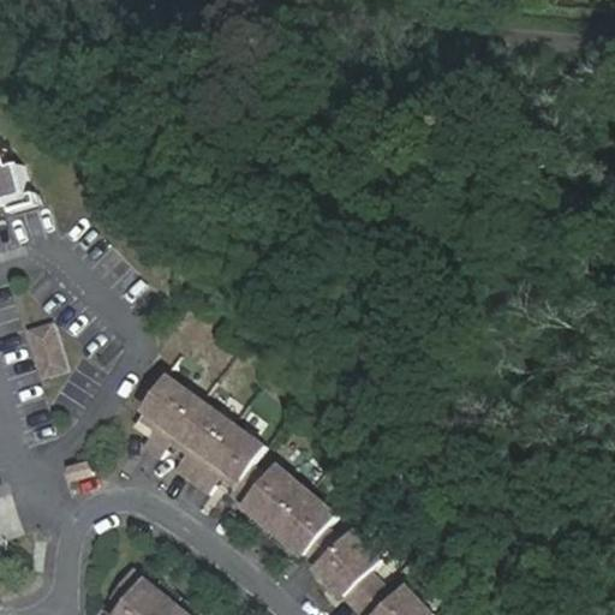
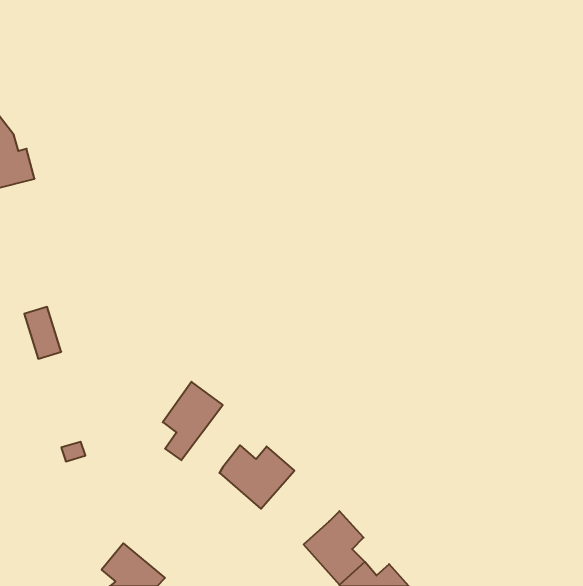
building: [137,375,199,456] -> none
building: [189,422,263,491] -> none
building: [271,490,342,567] -> none

